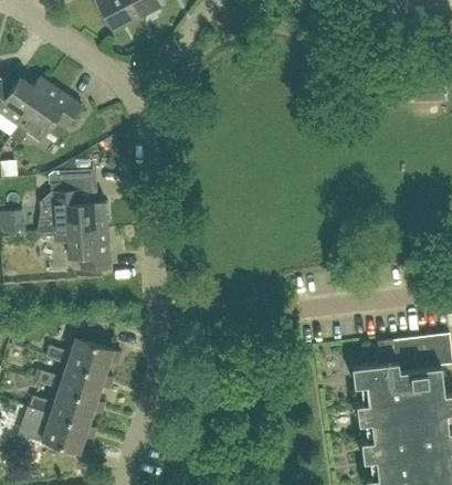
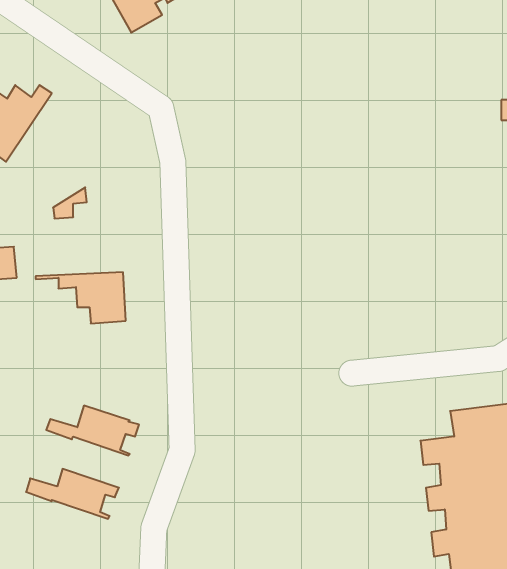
building: [12,83,83,148] -> none
building: [36,190,108,233] -> none
building: [38,365,113,407] -> none
building: [21,417,96,455] -> none

